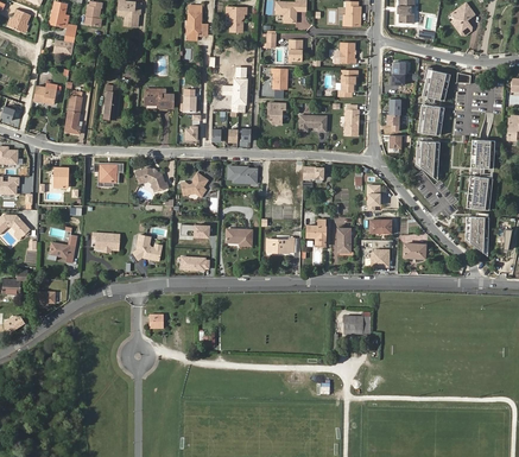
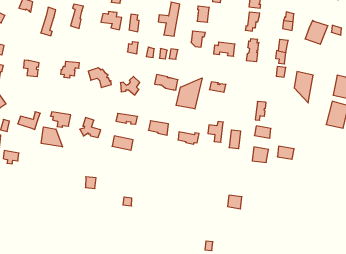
building: [418,103,444,135] -> none
building: none -> [176,78,202,109]
building: [462,215,487,255] -> none
building: none -> [41,127,62,147]

